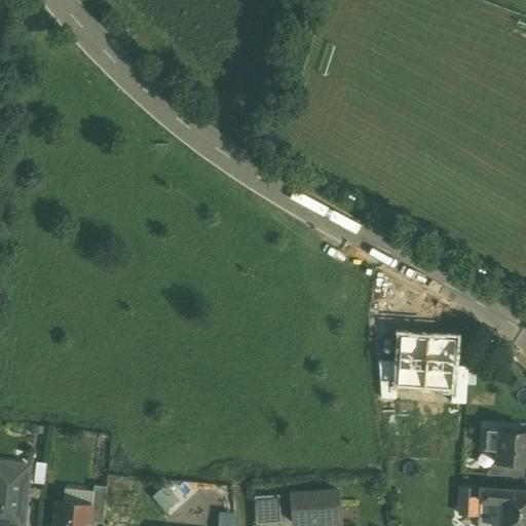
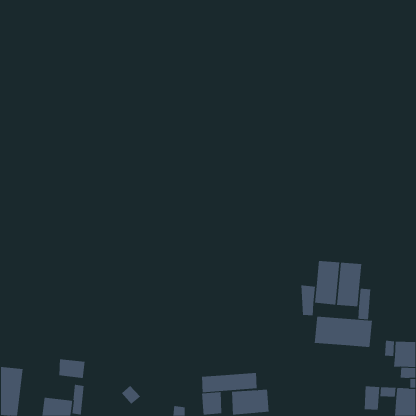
building: none -> [314,316,373,348]
building: none -> [59,358,85,379]
building: none -> [202,372,257,393]

